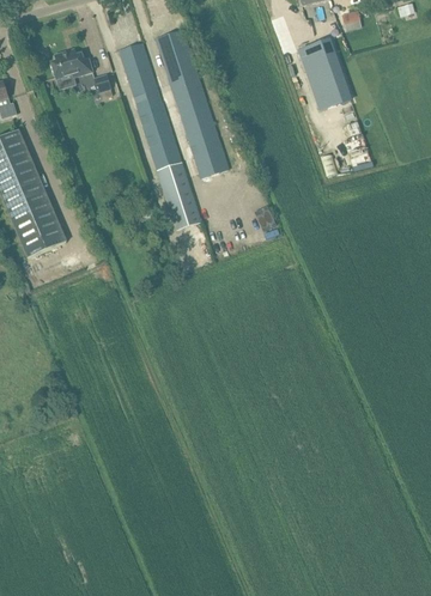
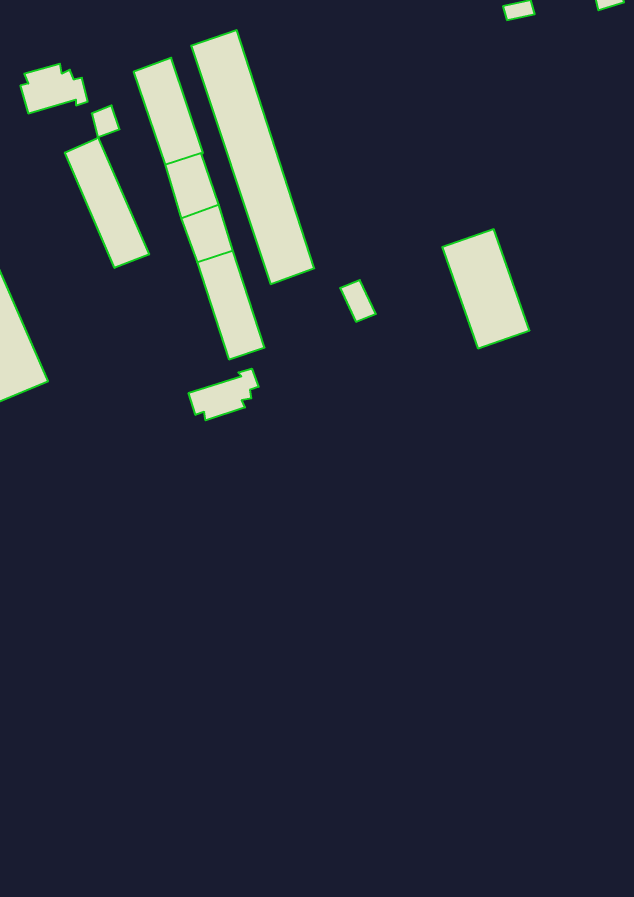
building: [298,38,351,110] -> [442,229,530,348]
building: none -> [65,137,149,268]
building: none -> [189,369,259,420]

